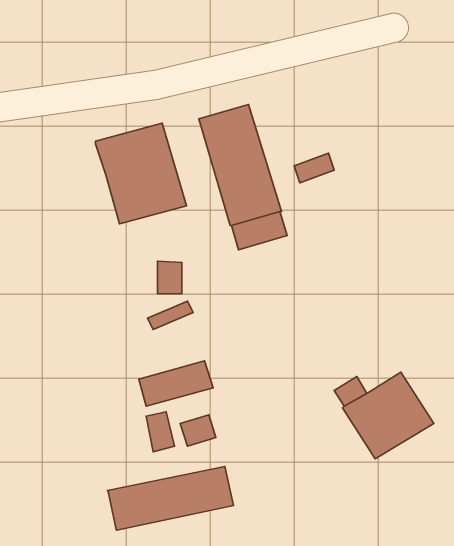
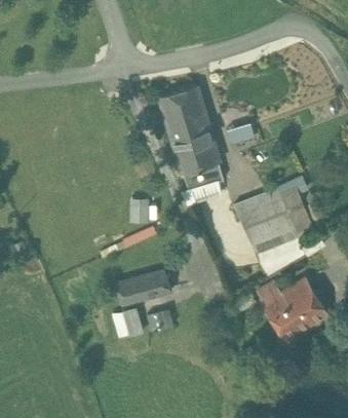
building: [95,123,187,224] -> none
building: none -> [234,177,314,277]
building: [108,466,233,530] -> none

